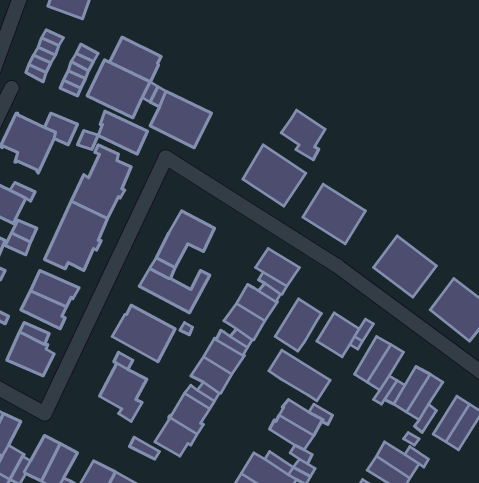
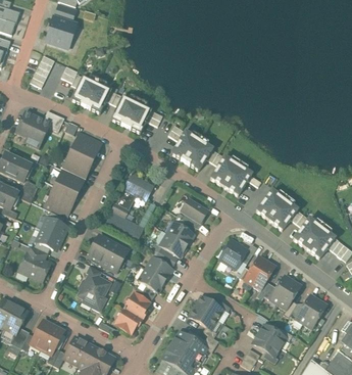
building: [109,37,161,82] -> none
building: [281,110,325,160] -> none
building: [98,111,148,154] -> none
building: [275,299,322,351] -> none
building: [269,350,330,401] -> none

